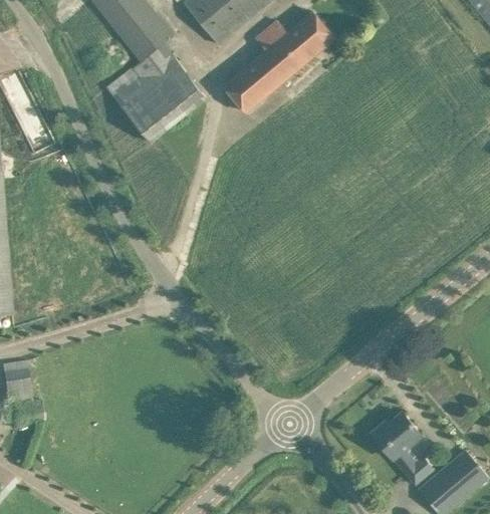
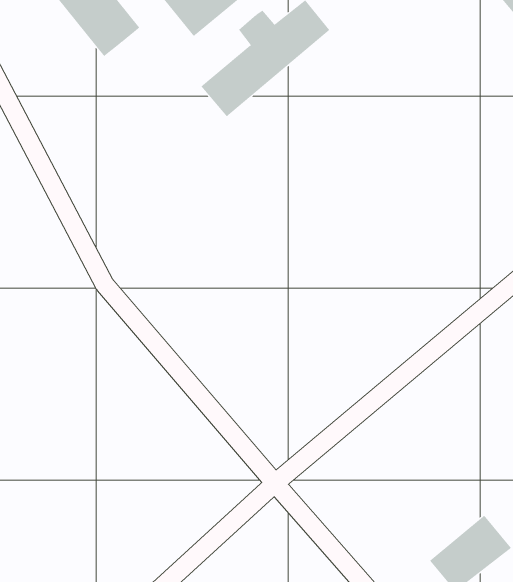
building: [112,48,204,142] -> none
building: [371,412,424,484] -> none

